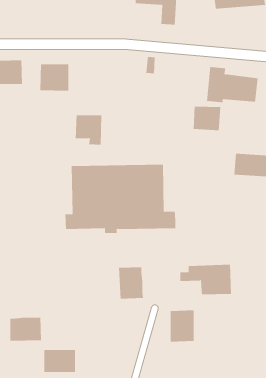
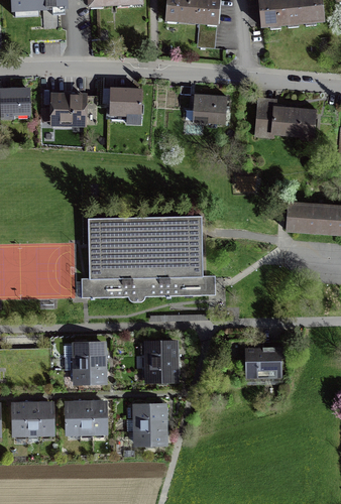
building: [193,106,221,131] -> [193,95,227,125]
building: [75,115,102,145] -> [109,88,142,125]
building: none -> [63,342,104,382]
building: [170,310,195,342] -> [134,403,164,443]
building: [44,349,76,373] -> [66,402,105,430]

